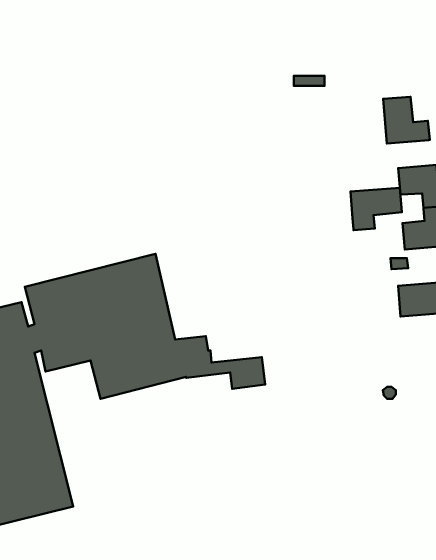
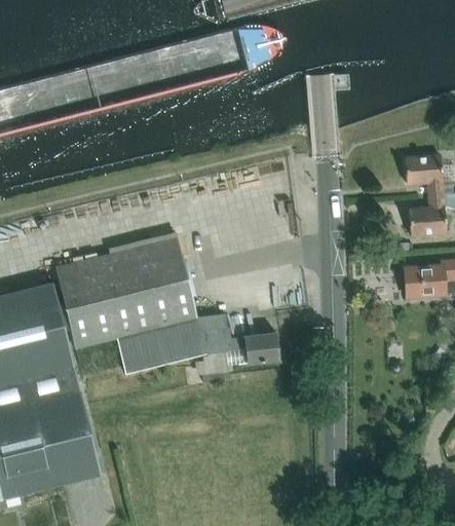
building: [383,97,430,144] -> none
building: [350,188,402,230] -> none

